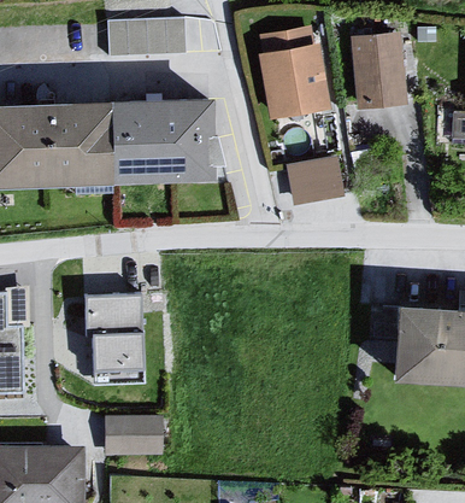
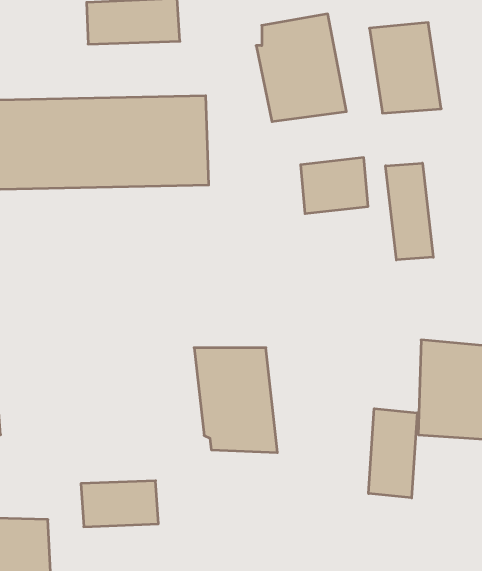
building: none -> [386,163,433,260]
building: [81,299,151,387] -> [194,348,277,453]
building: none -> [369,409,417,498]

